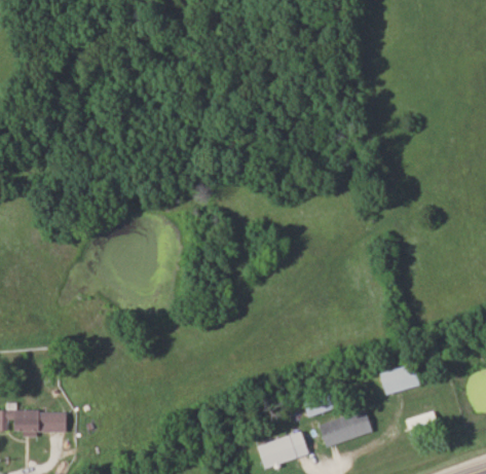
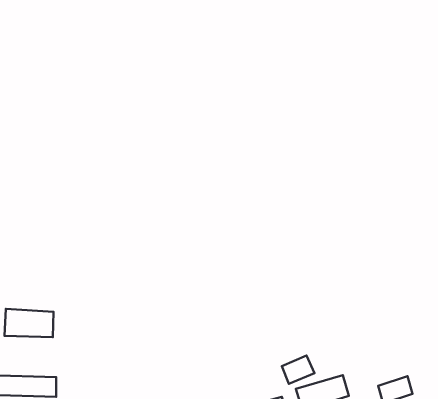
building: none -> [4,309,53,337]
building: [381,364,421,394] -> none

